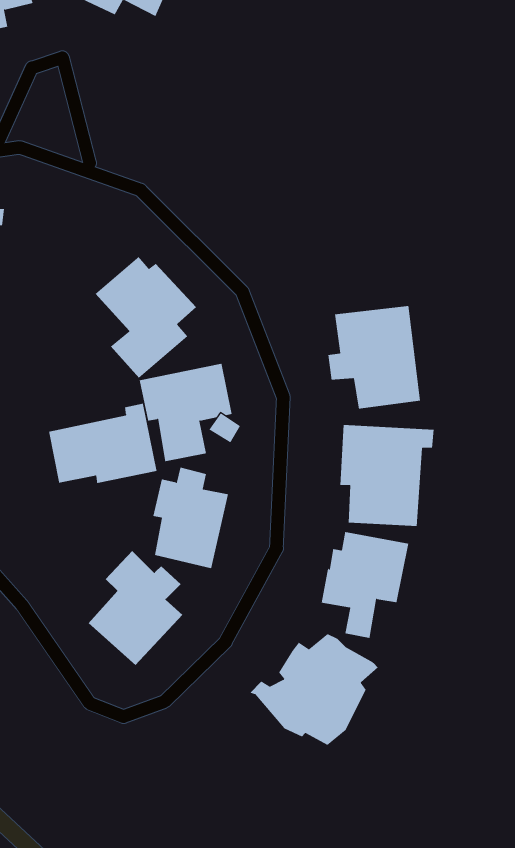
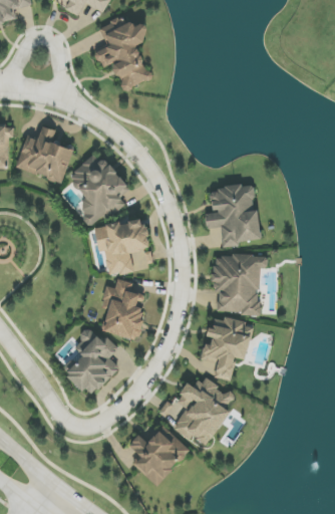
building: none -> [94,17,150,89]
building: none -> [16,124,73,182]
building: [49,403,157,484] -> none
building: none -> [128,425,189,485]

